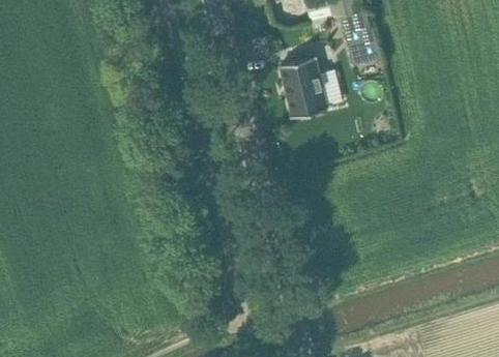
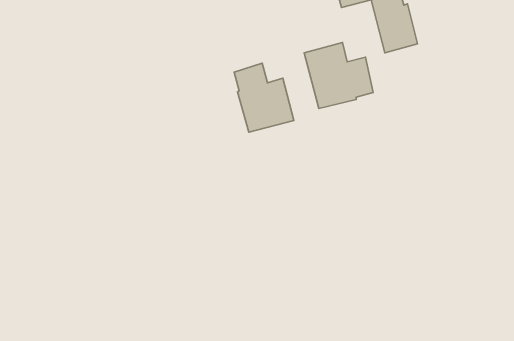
building: none -> [234,63,294,132]

